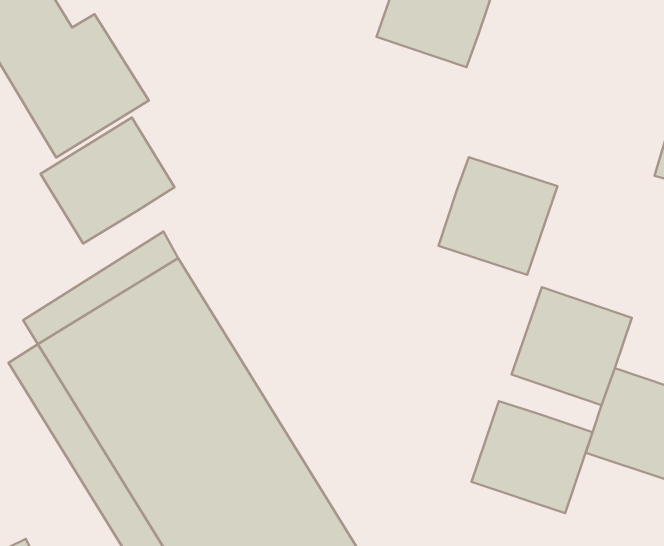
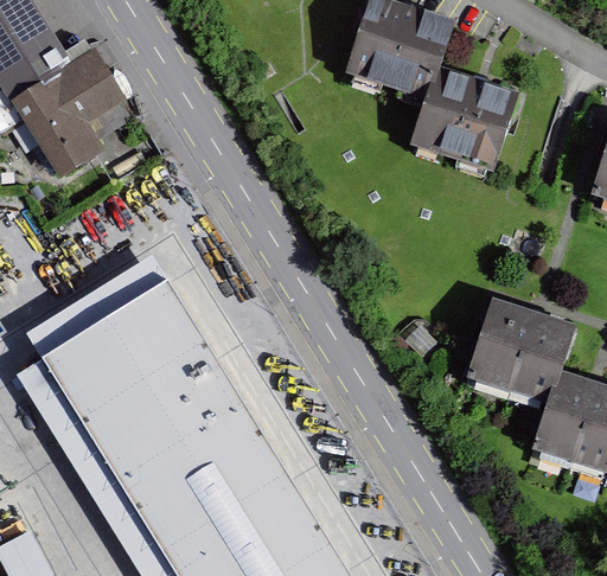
building: [40,117,175,244] -> none
building: [438,157,557,275] -> [408,72,515,178]
building: [472,401,592,513] -> none

